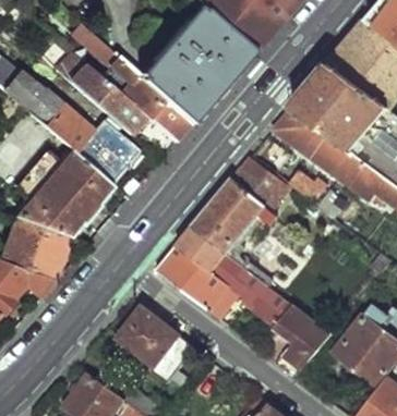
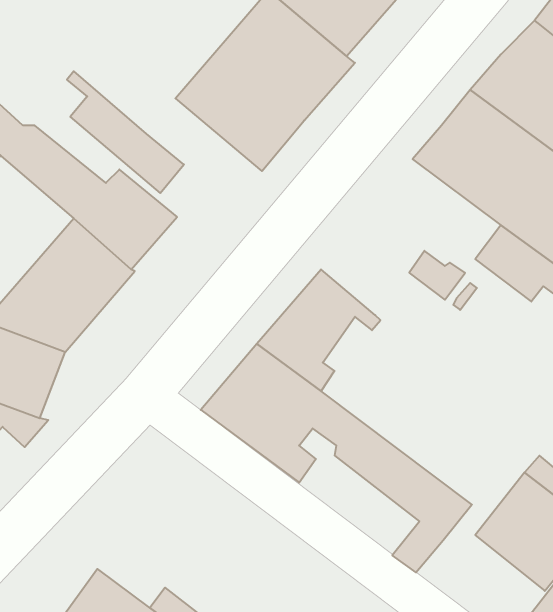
building: [85,34,195,140] -> none
building: [274,111,349,175] -> none
building: [233,159,290,211] -> none
building: [120,309,194,381] -> none

